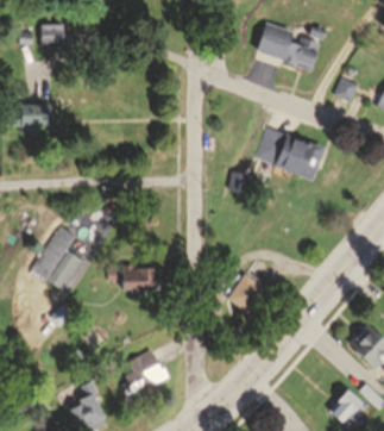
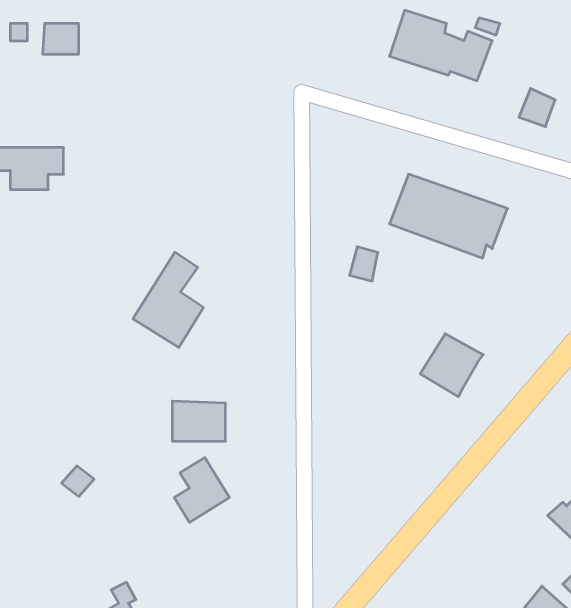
building: [31,232,75,292] -> [133,252,203,348]
building: [228,273,267,312] -> [420,334,483,397]
building: [126,354,160,394] -> [174,458,229,522]

